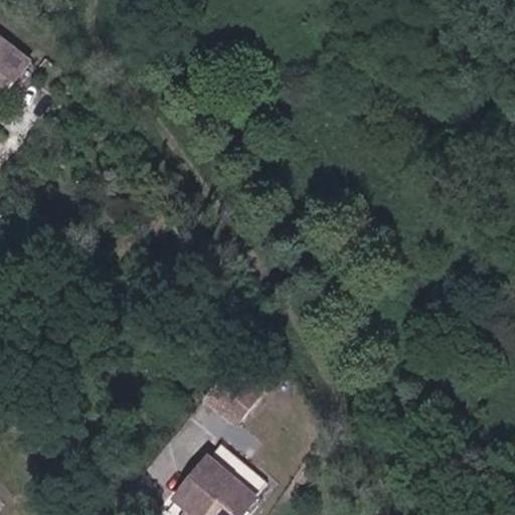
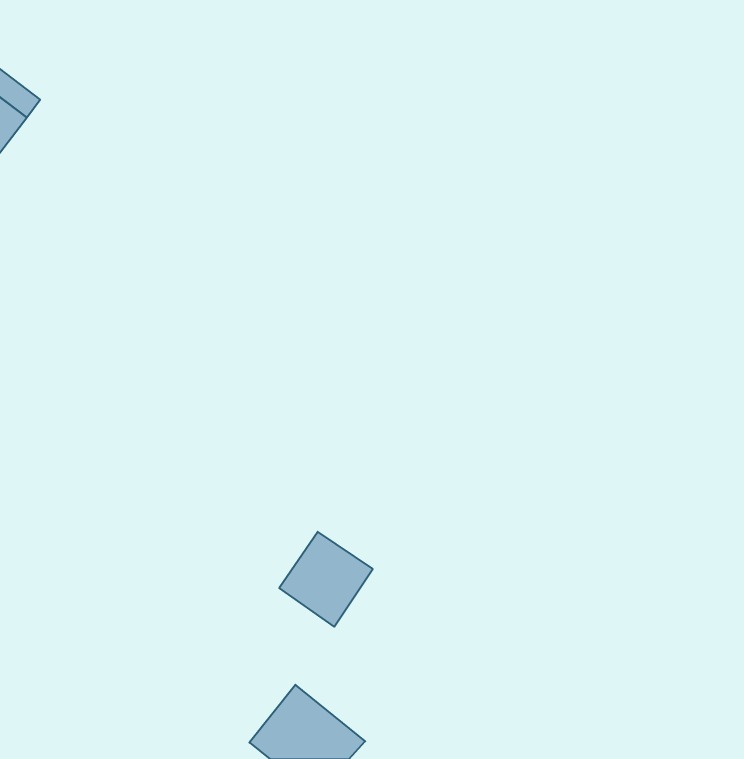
building: [200,449,261,502] -> none

